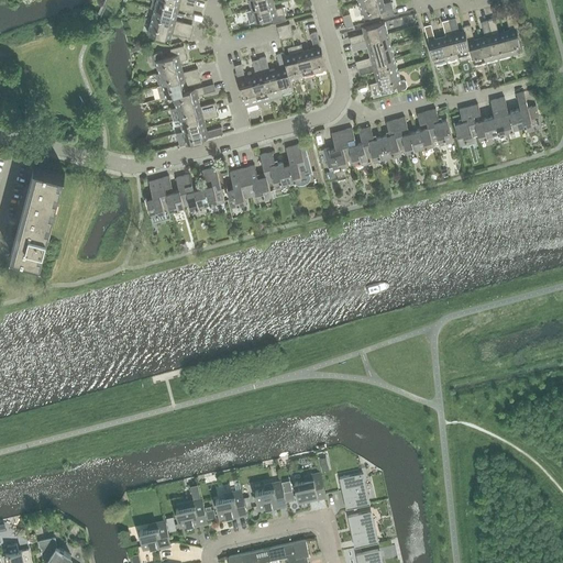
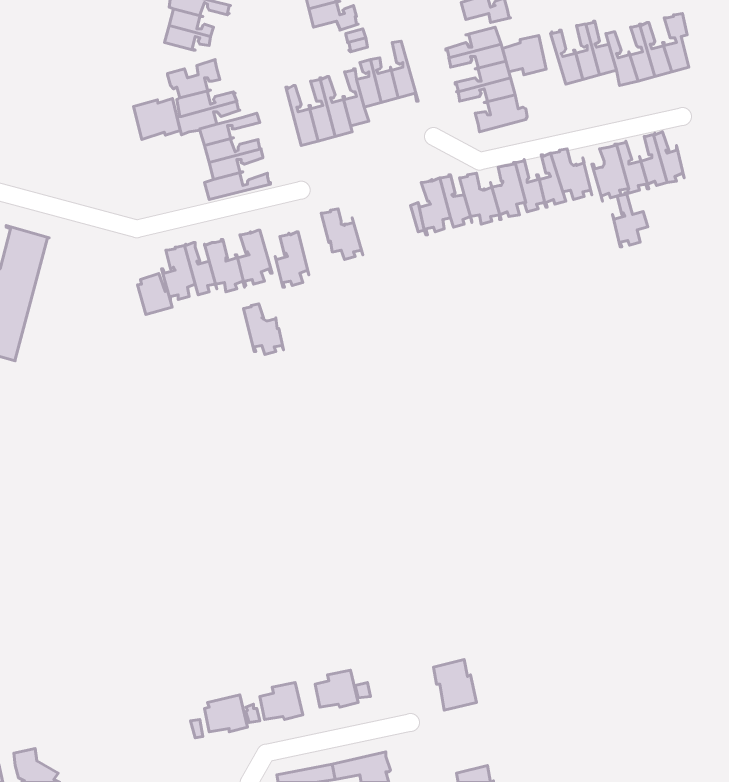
building: none -> [503,36,546,75]
building: none -> [133,99,180,140]
building: [512,91,538,130] -> [613,193,648,247]
building: [280,144,311,186] -> none
building: [242,165,271,201] -> [243,304,283,355]
building: none -> [137,274,172,315]
building: [294,473,324,499] -> none
building: [346,512,377,549] -> none
building: [139,521,169,548] -> none

